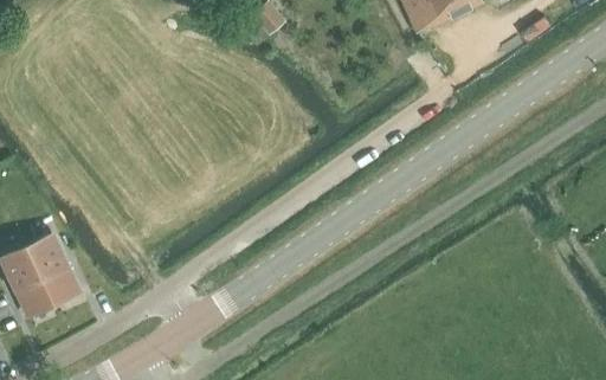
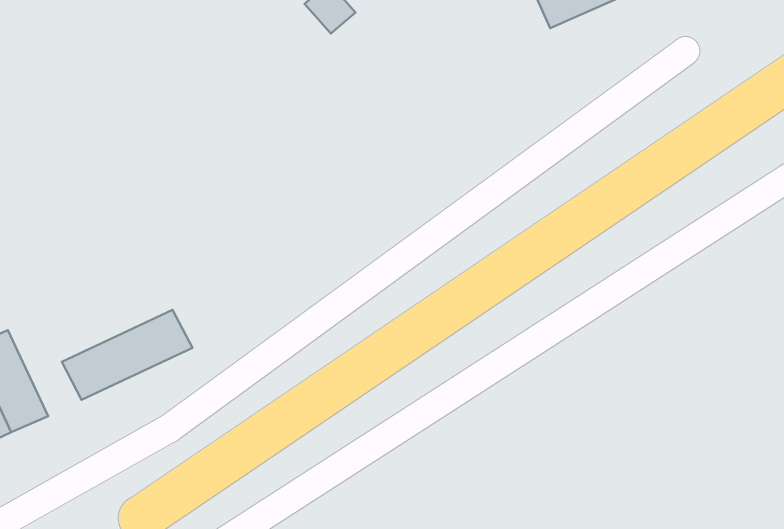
building: none -> [62,310,192,400]

